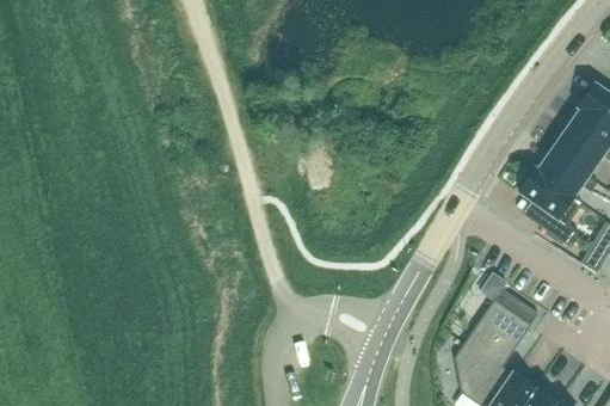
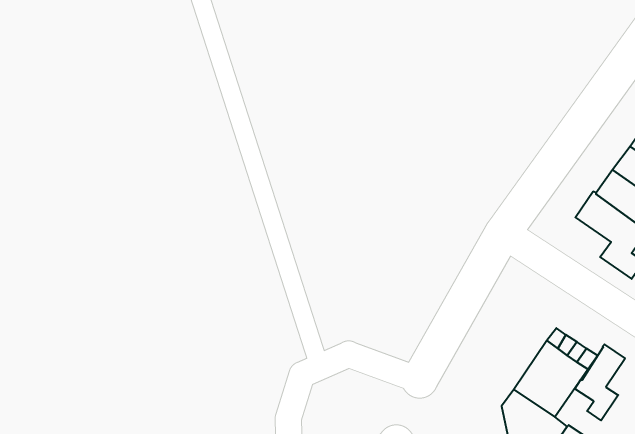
building: none -> [575,344,625,420]

